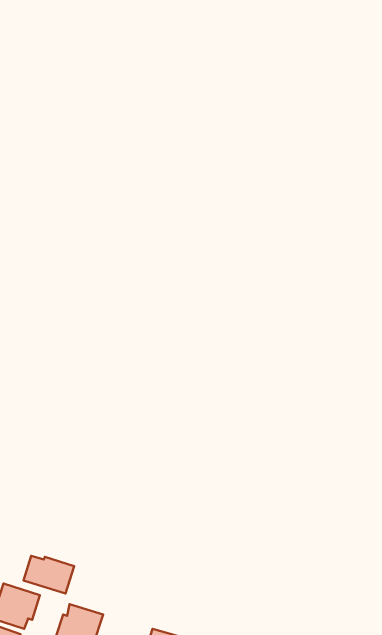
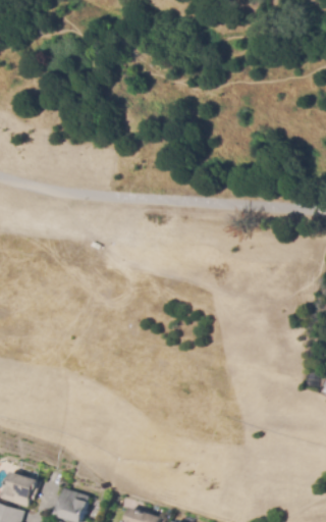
building: [23,556,74,594] -> none

